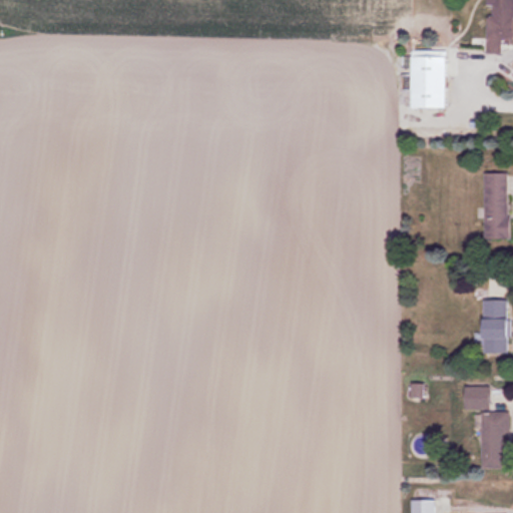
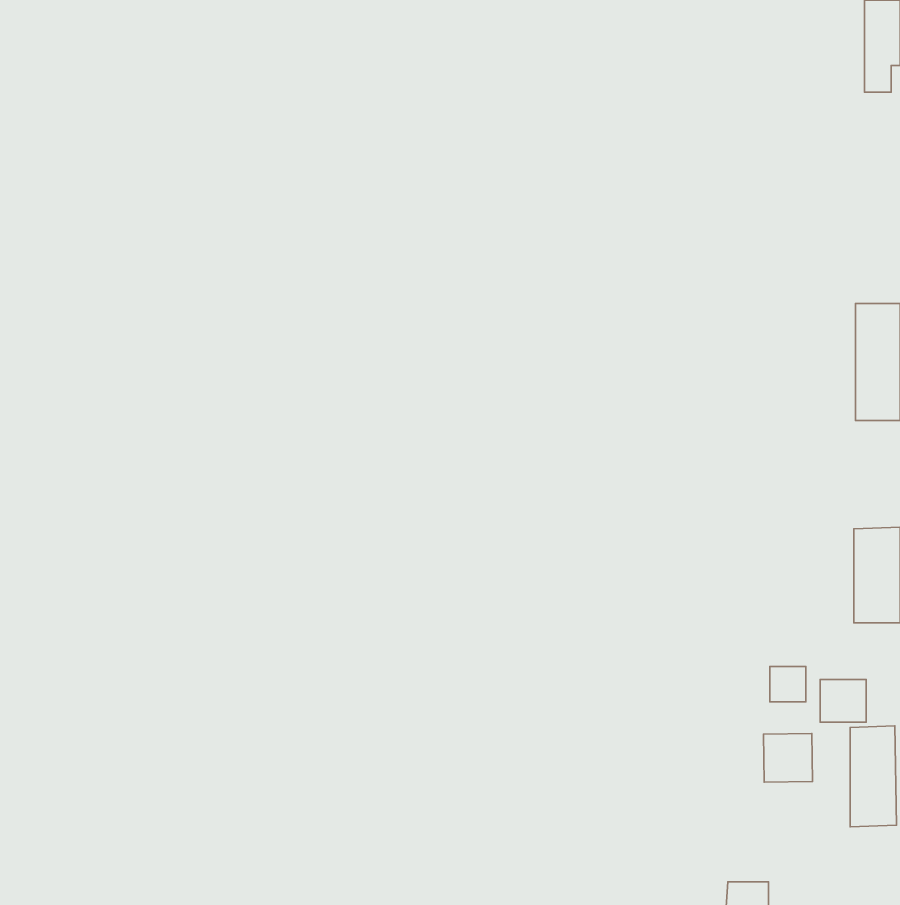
building: [412,53,447,108] -> none
building: none -> [770,666,806,702]
building: none -> [763,733,813,782]

